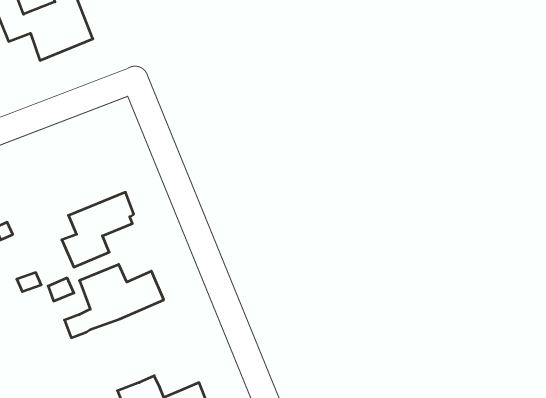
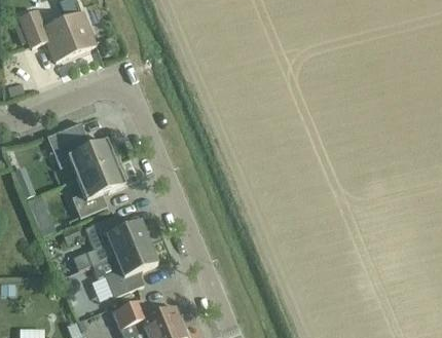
building: none -> [46,122,119,178]
building: none -> [93,241,157,297]

